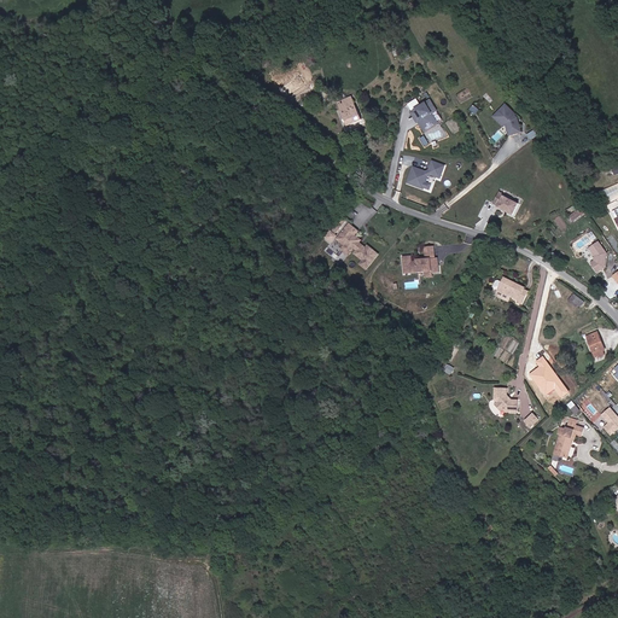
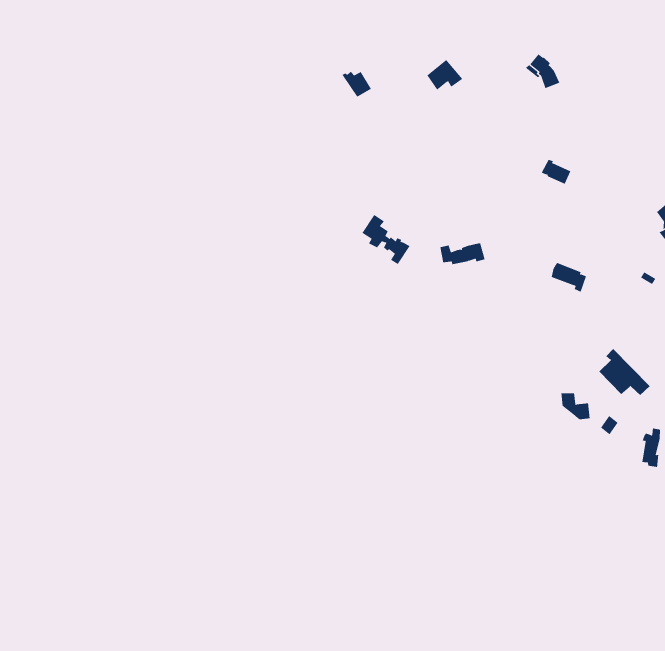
building: [404,159,444,190] -> none

